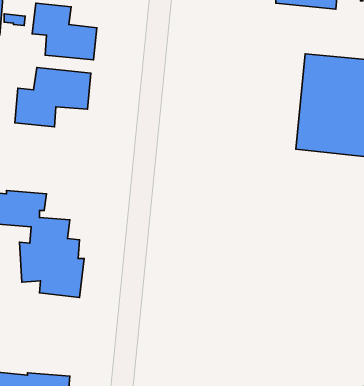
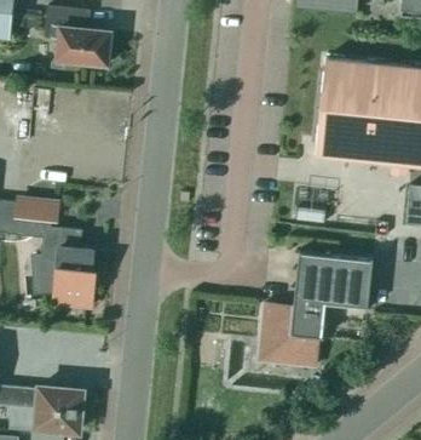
building: [15,67,91,127] -> none
building: none -> [259,250,374,366]

